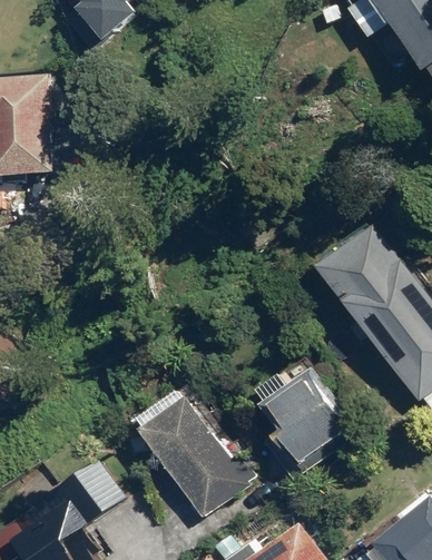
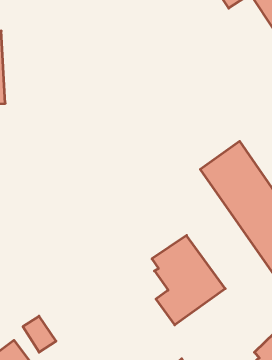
building: [137,385,252,518] -> none

